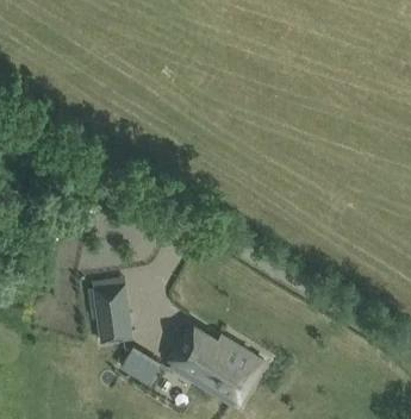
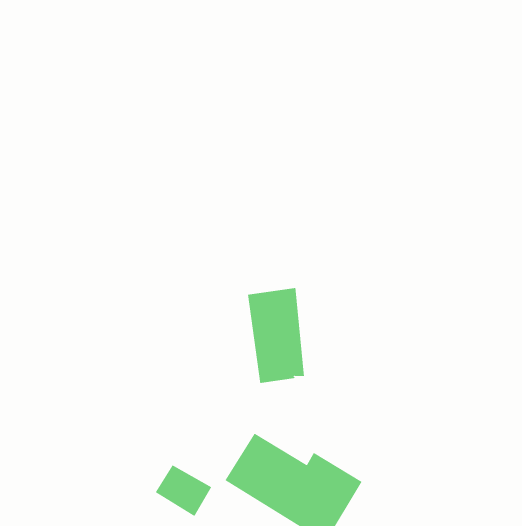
building: [92,276,131,342] -> [247,287,305,383]

